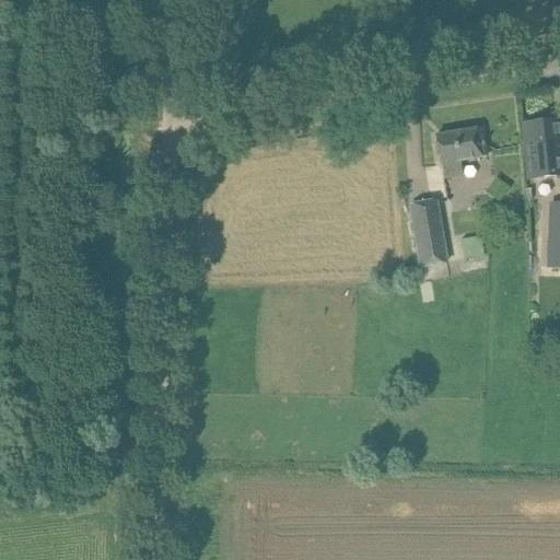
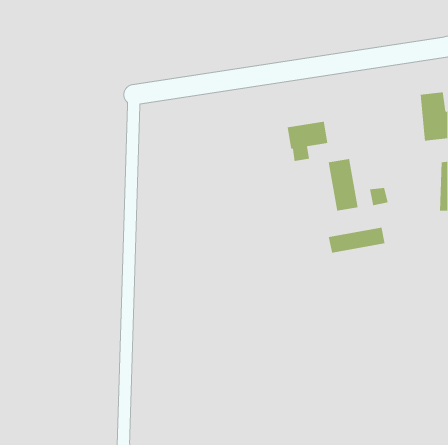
building: [434,126,486,176] -> [287,121,328,161]
building: none -> [328,227,385,253]

